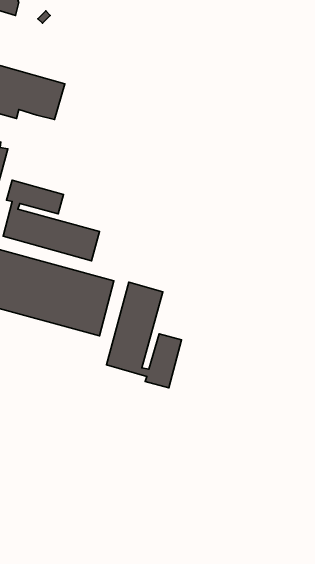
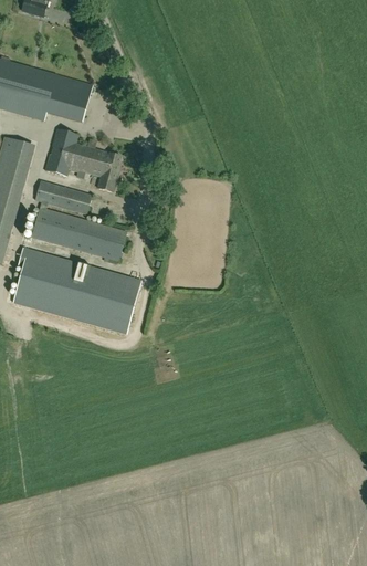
building: none -> [45,128,120,191]
building: [107,282,182,388] -> none

